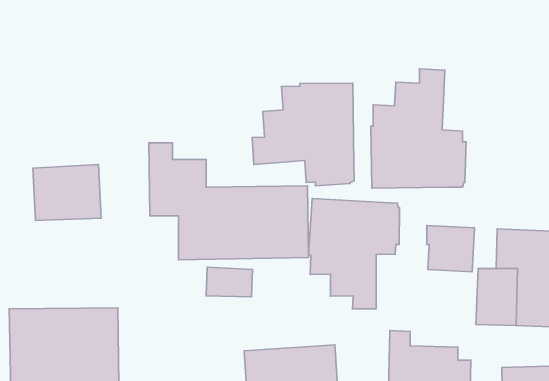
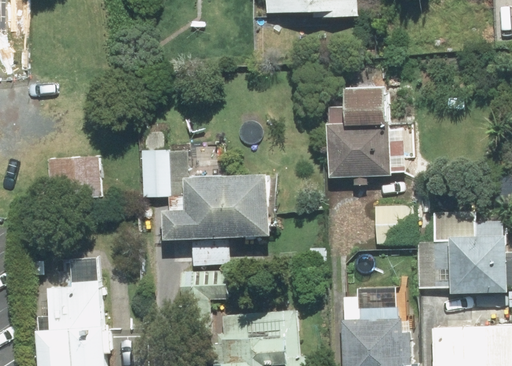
building: [252,83,354,186] -> none
building: [309,199,399,309] -> none

